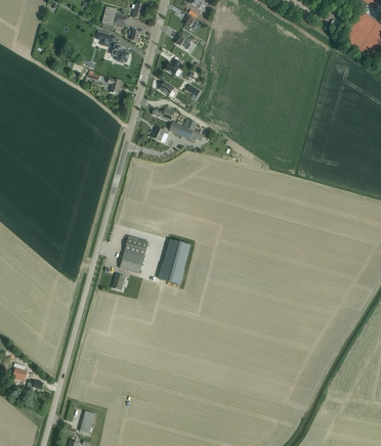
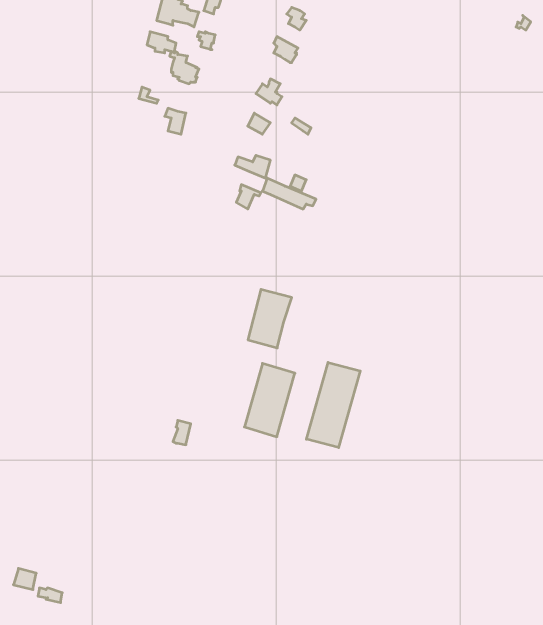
building: [120,236,147,273] -> [248,289,292,348]
building: none -> [306,362,360,448]

